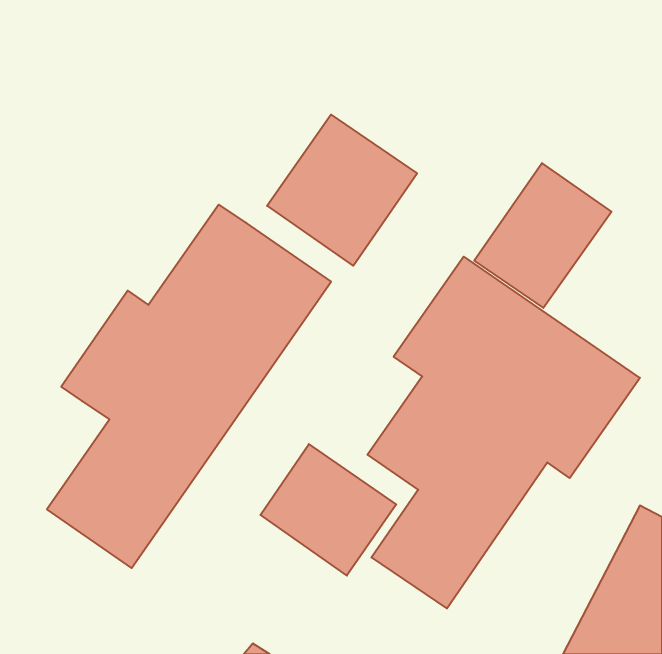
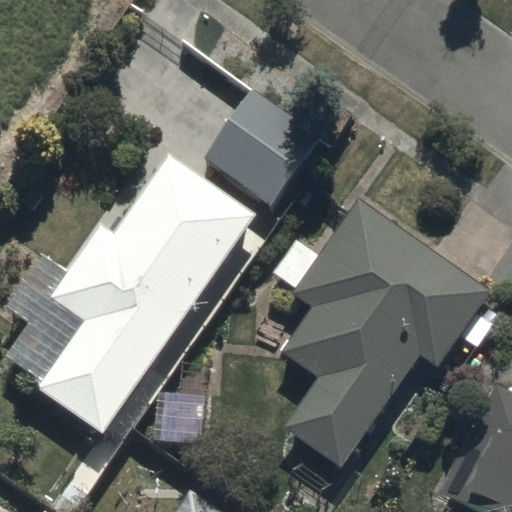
building: [474,163,611,308] -> none
building: [260,444,396,576] -> none

